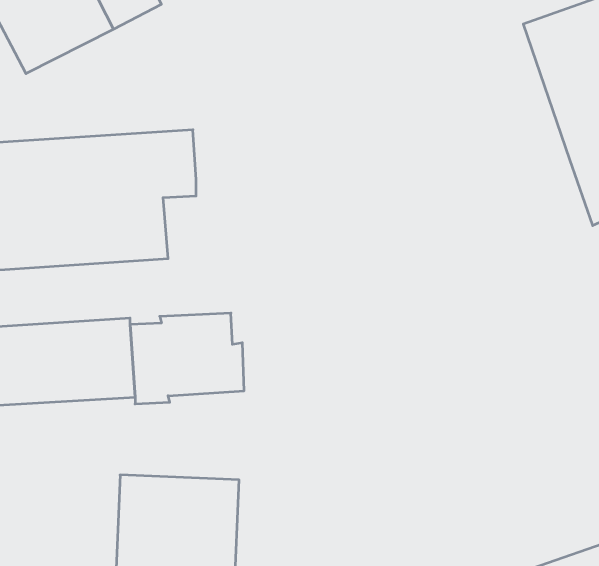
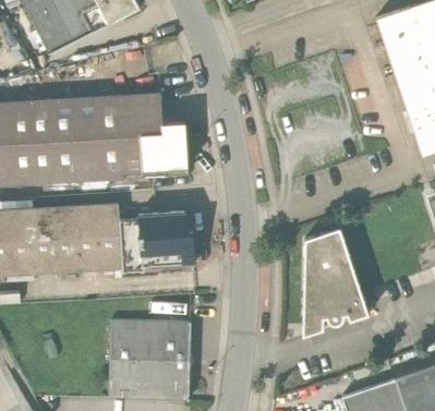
building: none -> [140,122,186,177]
building: none -> [301,227,367,337]

